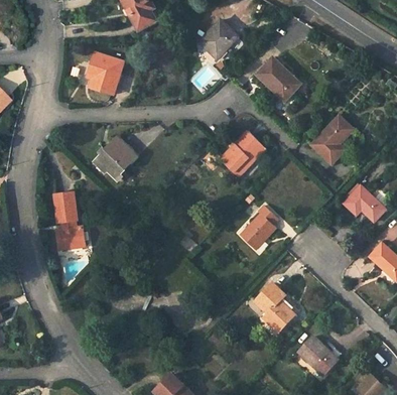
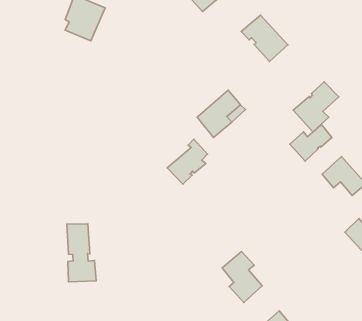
building: [94,137,137,180] -> none
building: none -> [290,125,332,161]
building: [53,192,86,249] -> [67,224,96,282]
building: [240,206,277,249] -> [167,139,208,184]

